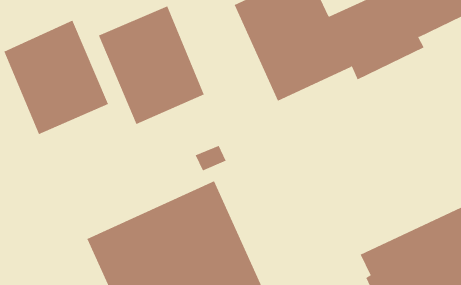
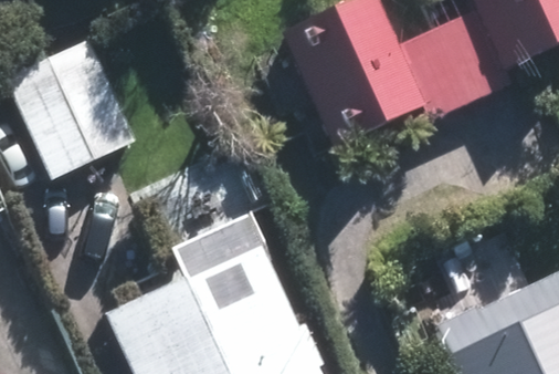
building: [98,5,204,125] -> none

